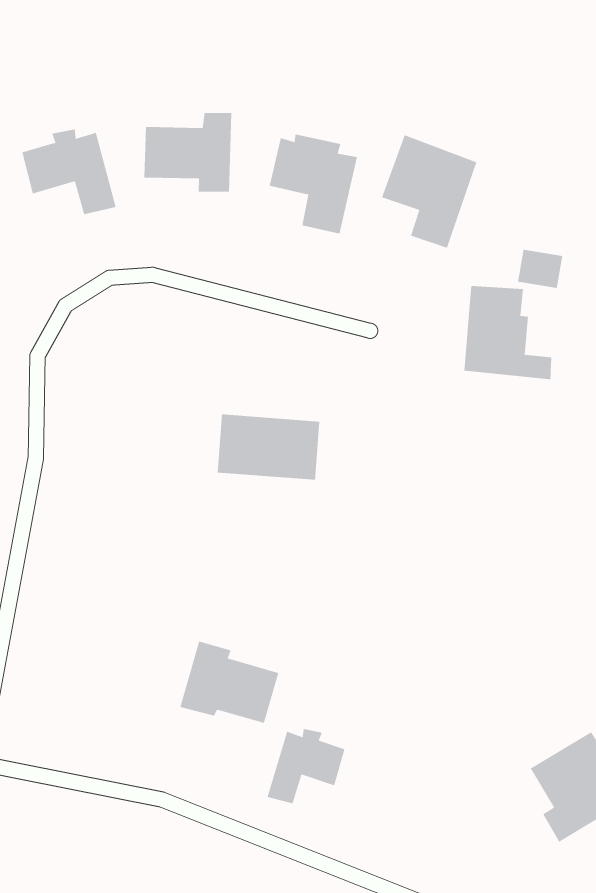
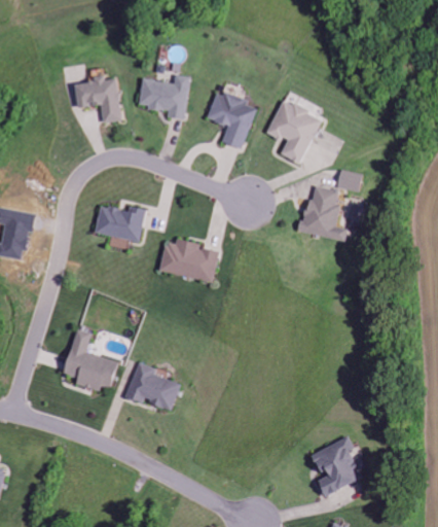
building: none -> [95,206,145,241]
building: none -> [63,328,116,391]
building: [267,728,345,804] -> none

